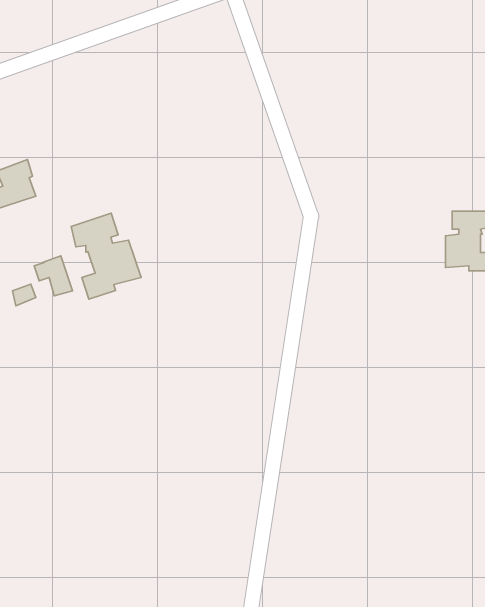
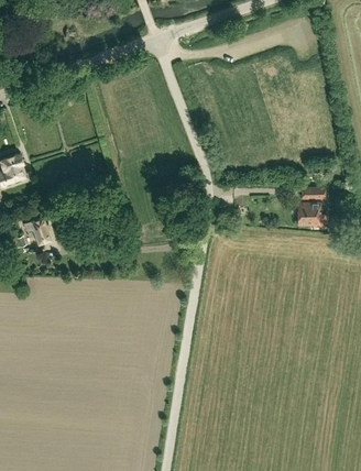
building: [71,213,141,299] -> none

